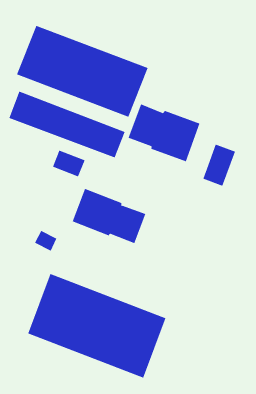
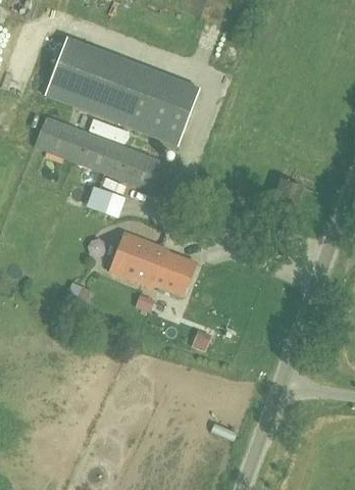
building: [128,104,200,162] -> none
building: [28,273,166,379] -> none

